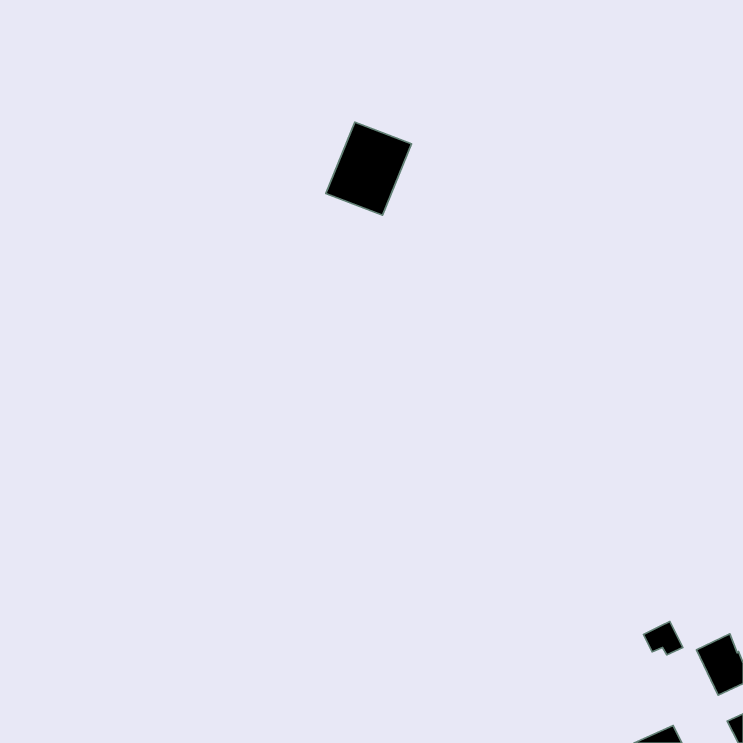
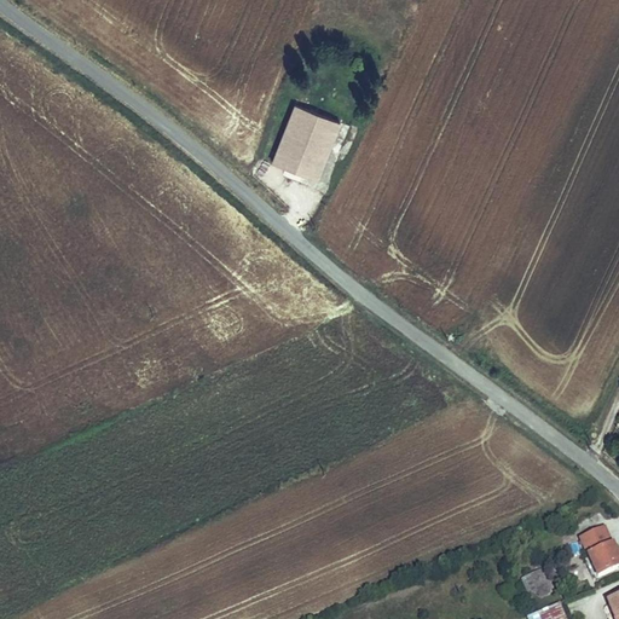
building: [644,621,683,655] -> [520,569,553,597]

